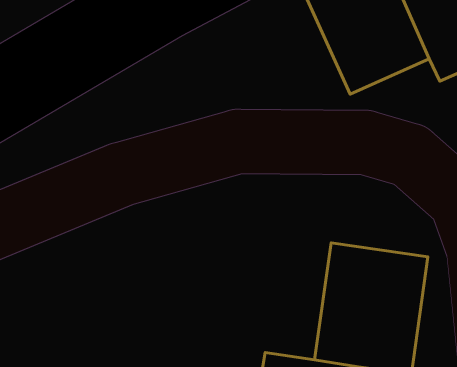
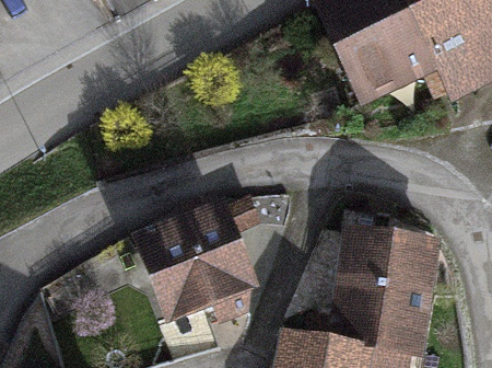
building: none -> [147,218,255,329]

